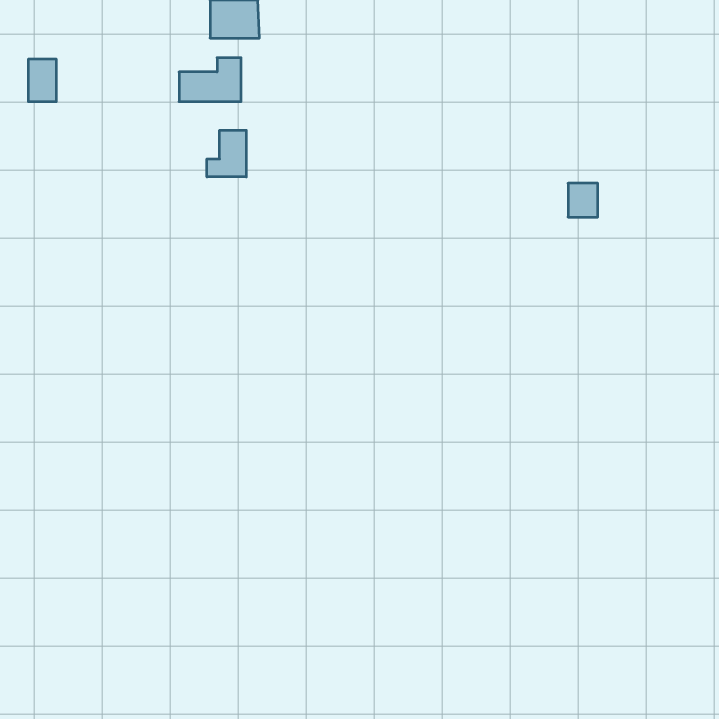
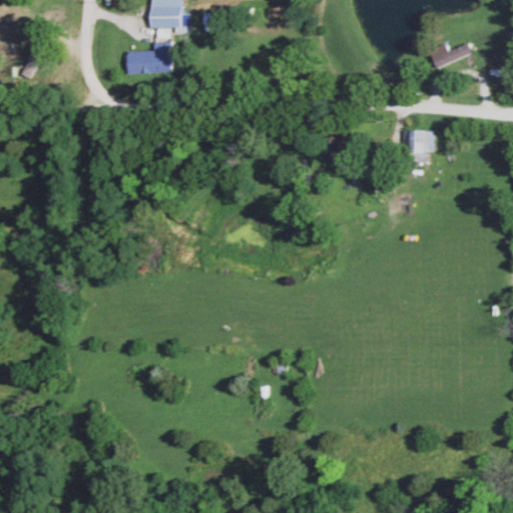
building: none -> [430,43,476,69]
building: [207,130,246,177] -> none

